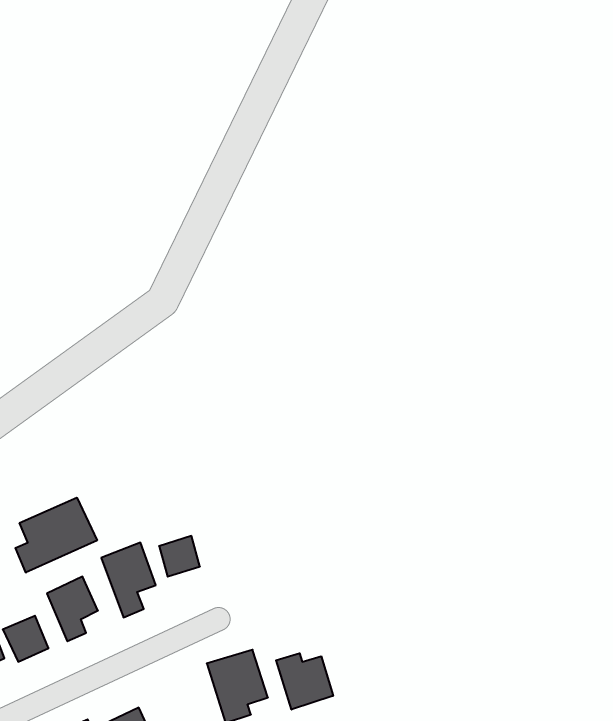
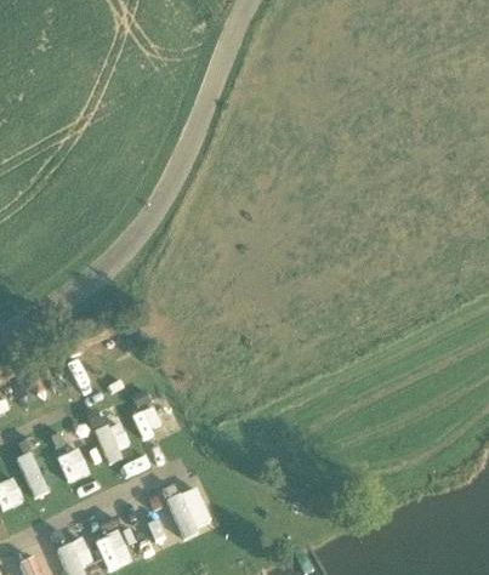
building: [15,498,97,573] -> none
building: [276,653,333,710] -> none

